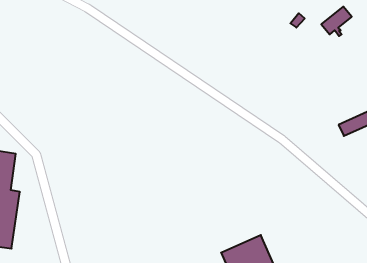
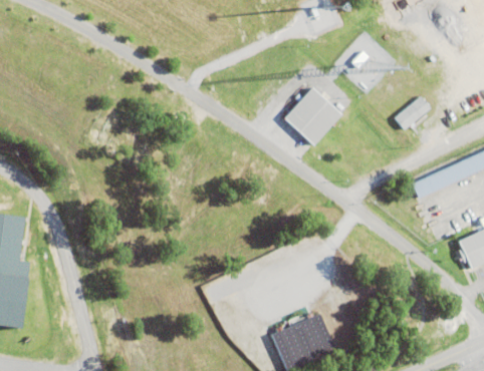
building: [321,7,352,36] -> [394,97,430,132]
building: none -> [283,87,340,145]

